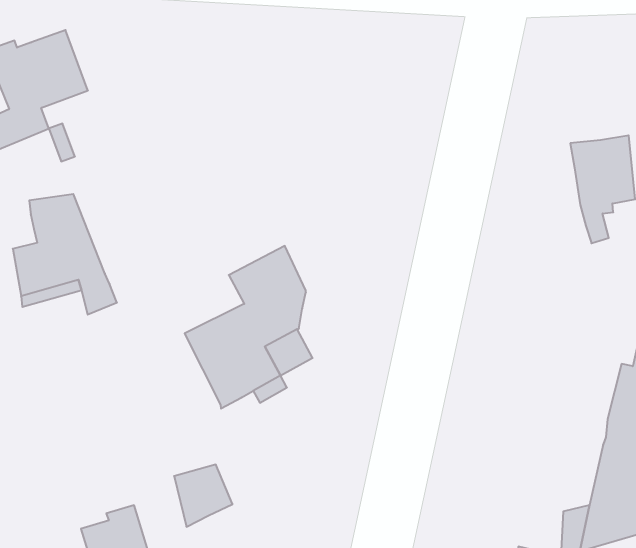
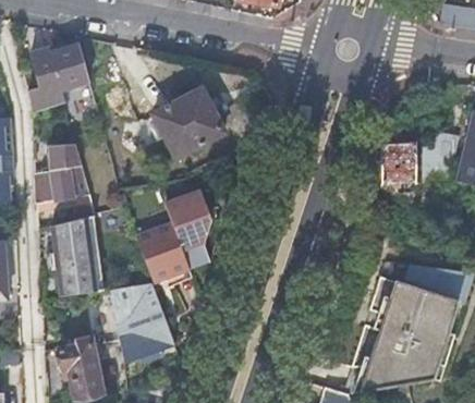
building: none -> [151,89,222,158]
building: none -> [51,213,103,297]
building: none -> [111,282,171,343]

